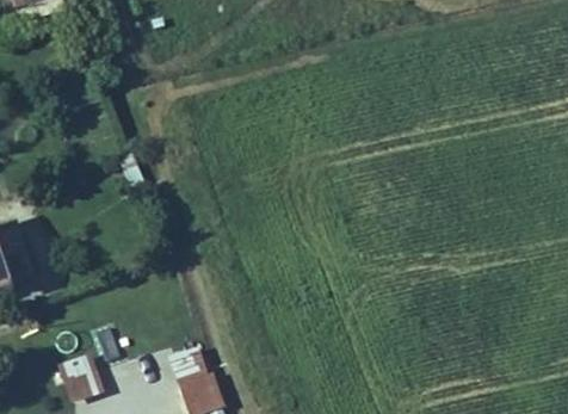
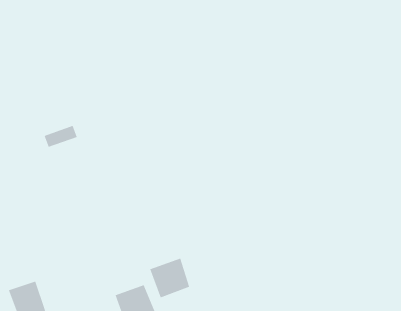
building: none -> [149,258,190,298]

